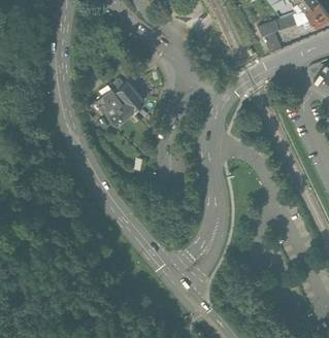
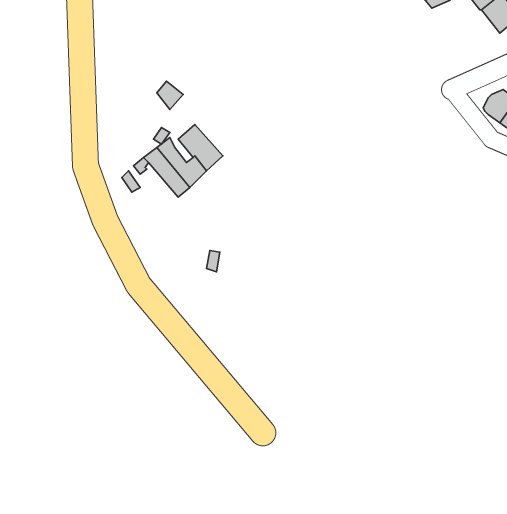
building: [258,15,297,56] -> none

